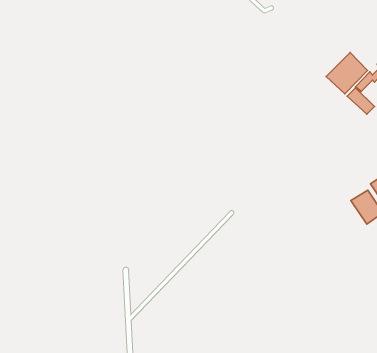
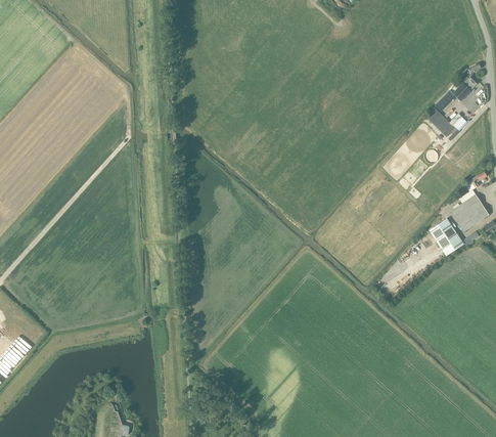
building: [326,53,367,94] -> none

